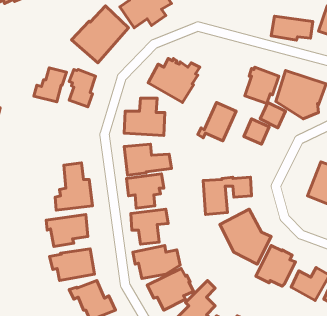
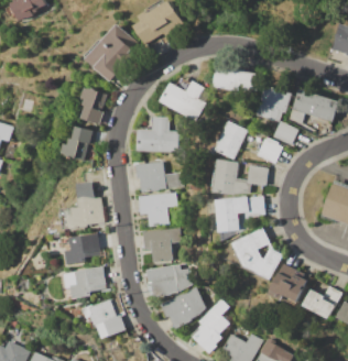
building: [271,16,313,40] -> [213,67,254,91]
building: [34,68,67,102] -> [62,125,95,160]
building: none -> [213,158,269,194]

